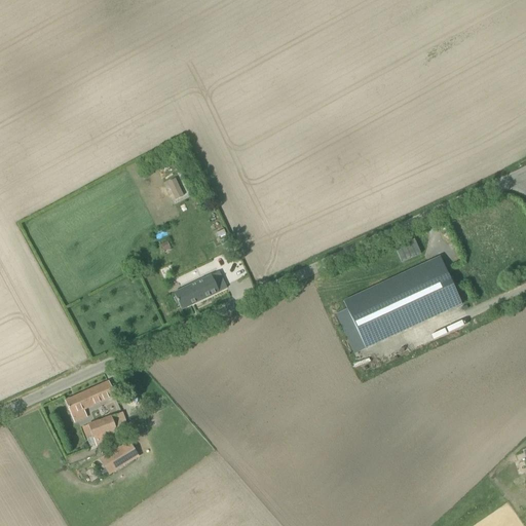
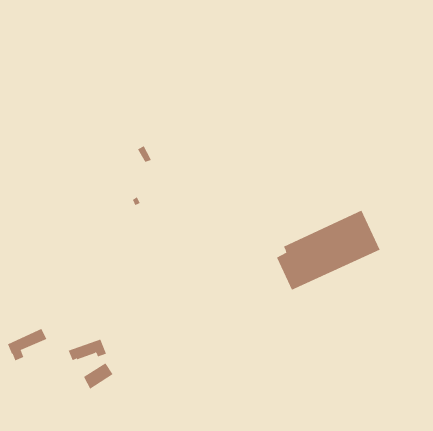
building: [174,270,226,308] -> none
building: [66,380,114,420] -> [7,328,47,361]

